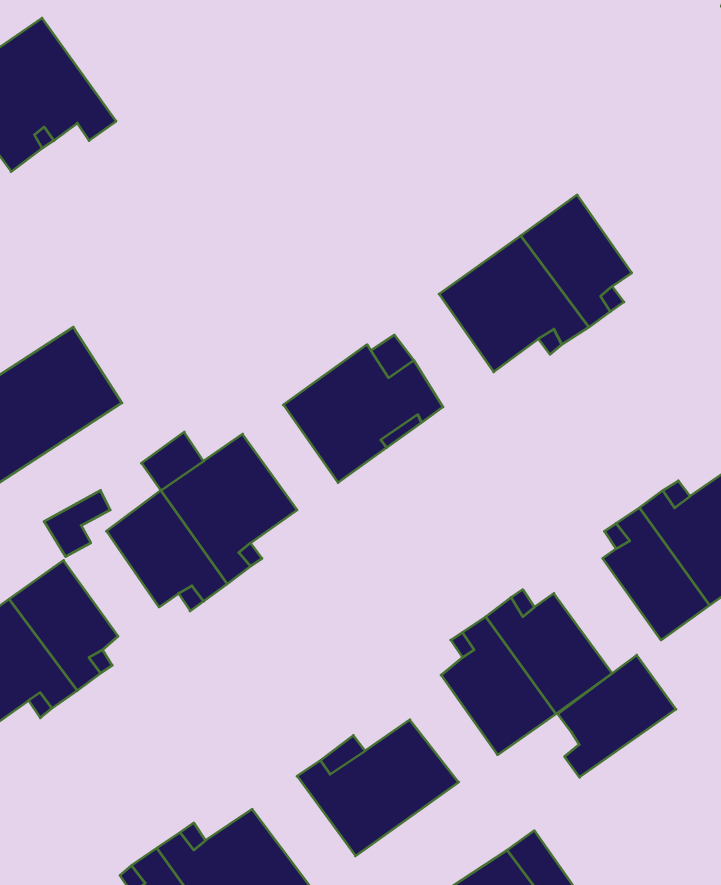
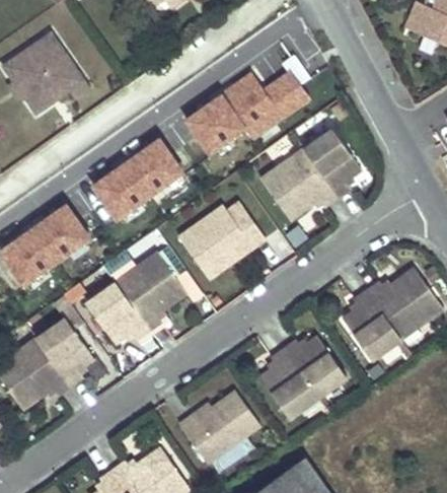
building: none -> [183,66,313,152]
building: none -> [89,130,188,218]
building: [558,655,676,777] -> none

